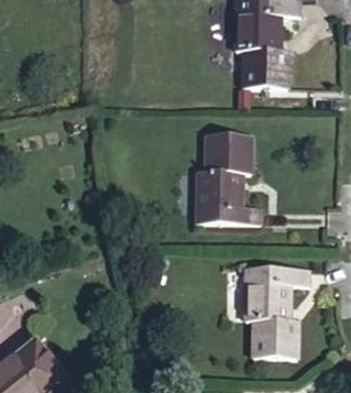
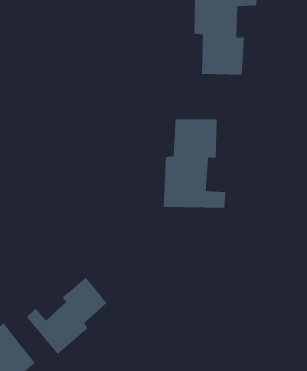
building: [234,263,297,352] -> none
building: none -> [26,277,107,355]

